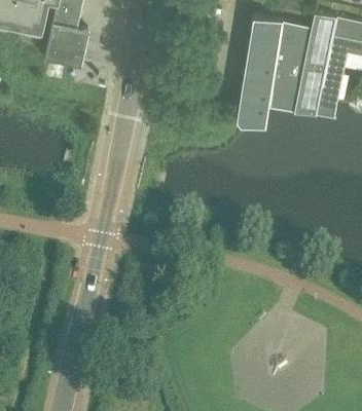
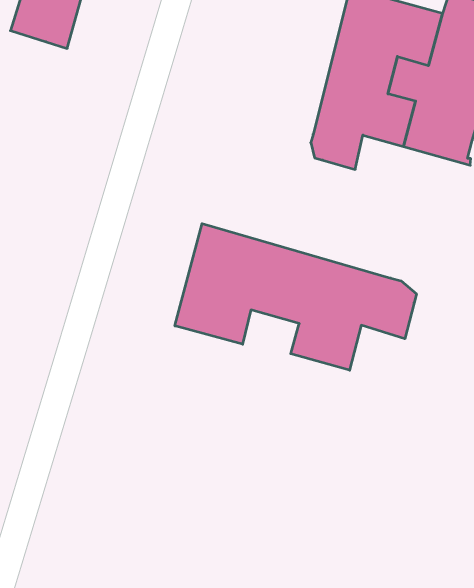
building: none -> [175,224,416,370]

